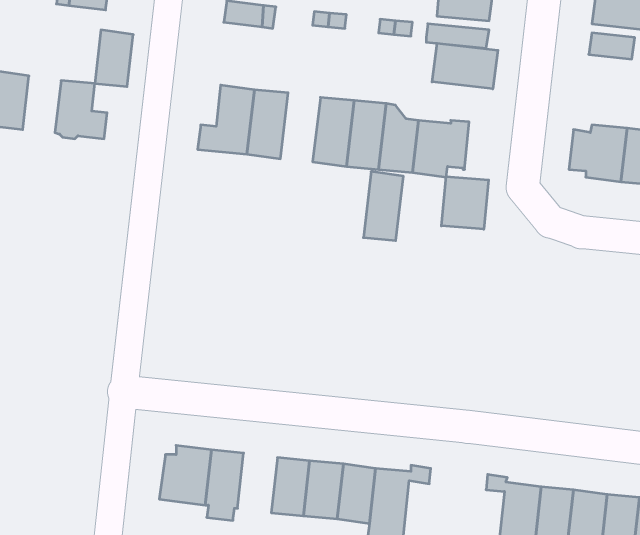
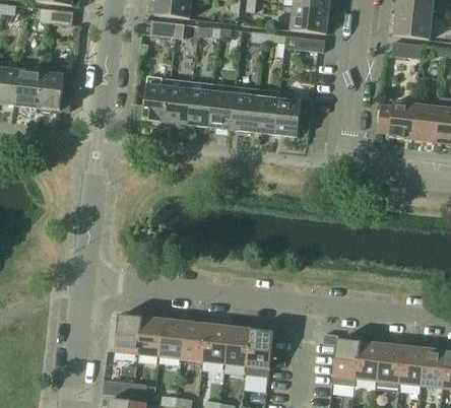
building: [95,30,133,87] -> [16,69,42,107]
building: [432,43,498,89] -> none
building: [363,172,403,241] -> [187,80,213,126]
building: [441,177,489,229] -> none
building: none -> [158,319,185,358]

